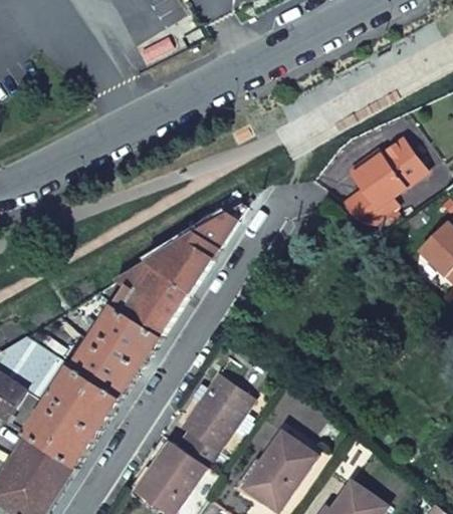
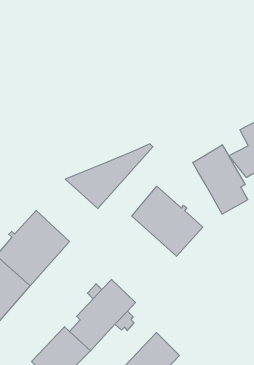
building: none -> [193,145,248,214]
building: none -> [132,186,203,256]
building: [115,260,190,335] -> none

